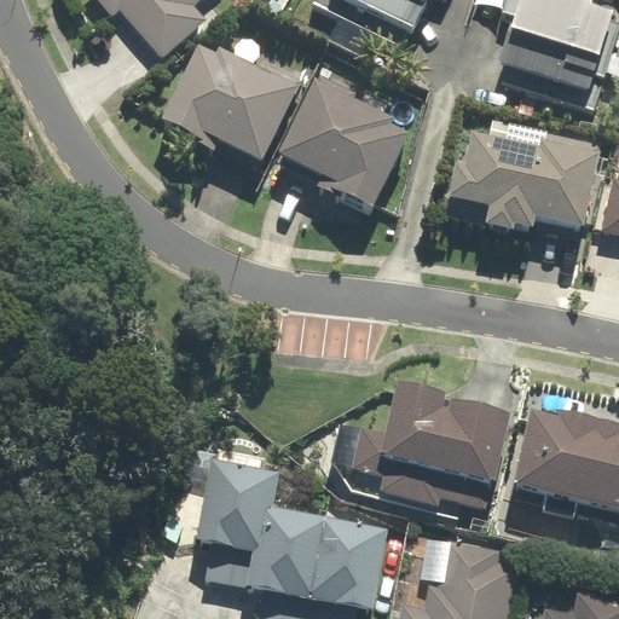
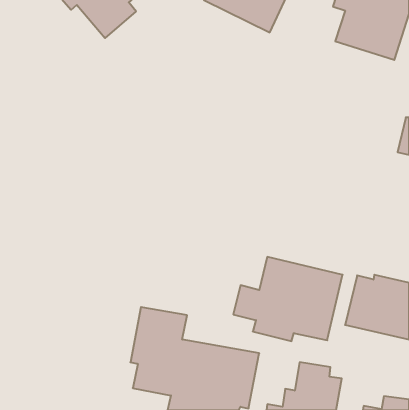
building: [161,44,299,162] -> none
building: [278,74,409,212] -> none
building: [450,127,601,231] -> none

